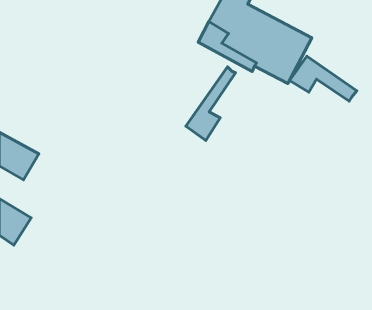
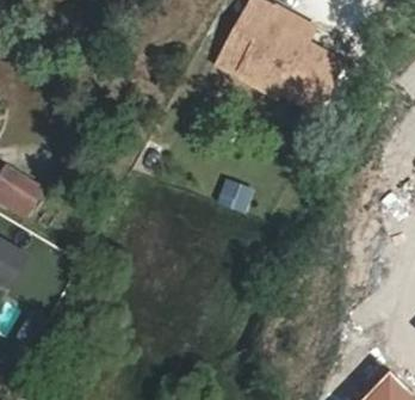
building: [289,56,357,101] -> none
building: [186,67,235,140] -> none

